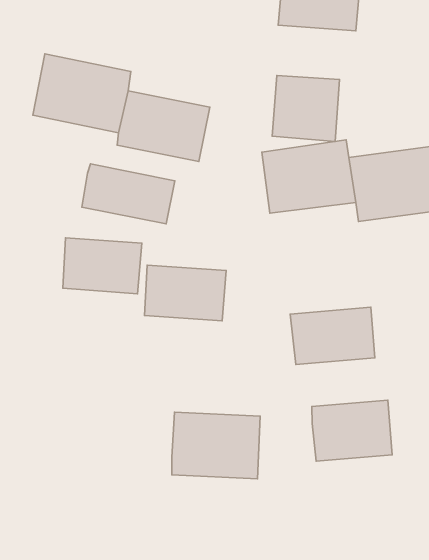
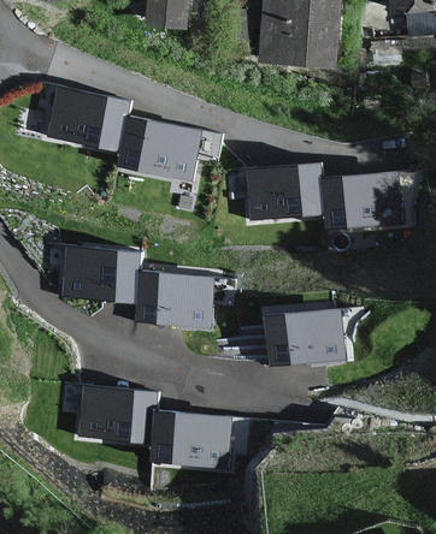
building: [272,75,339,141] -> none
building: [82,164,175,224] -> none
building: none -> [84,381,169,443]
building: [312,400,392,461] -> none

